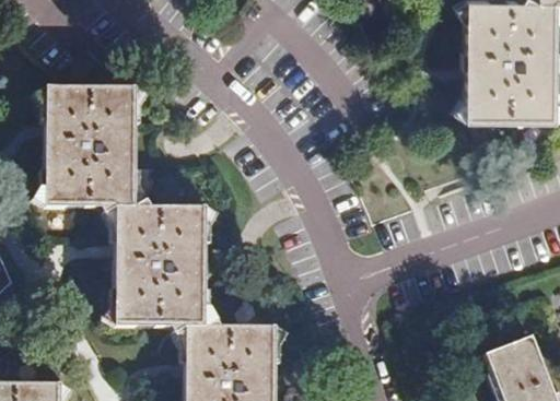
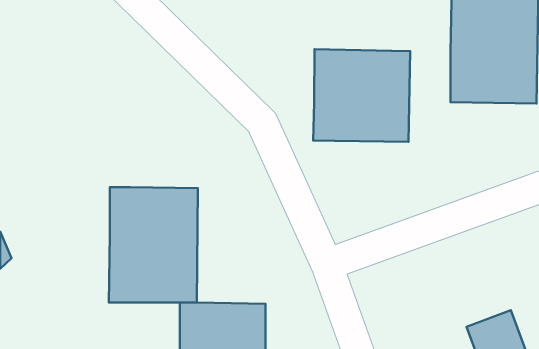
building: none -> [313,49,410,142]
building: [45,86,136,207] -> none

